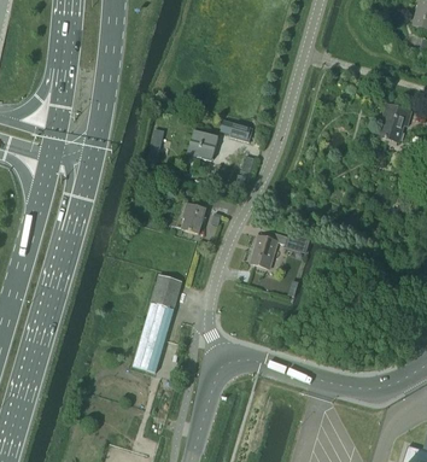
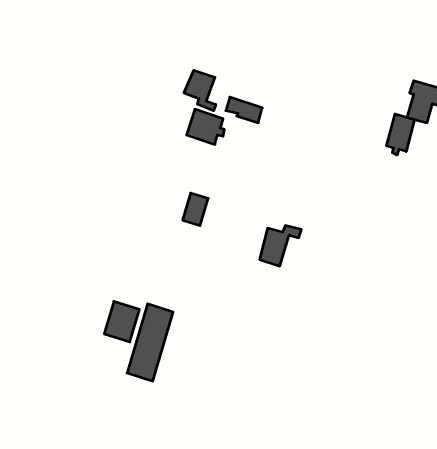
building: none -> [184,70,216,111]
building: none -> [387,114,415,155]
building: [150,273,181,309] -> [104,301,139,342]

